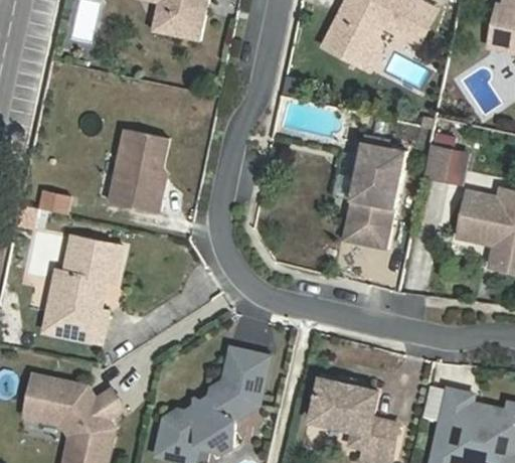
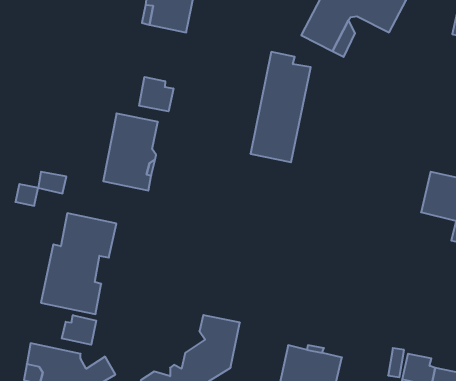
building: none -> [139,77,173,111]
building: [342,132,406,250] -> [250,52,311,162]
building: [415,138,462,178] -> none
building: none -> [62,315,96,345]

